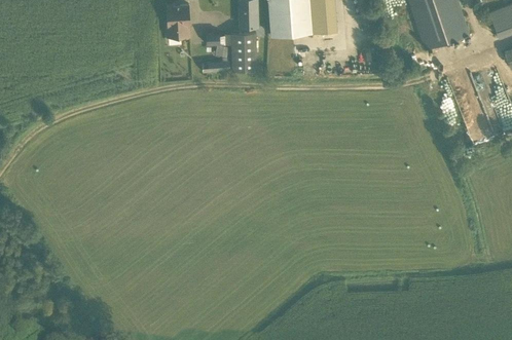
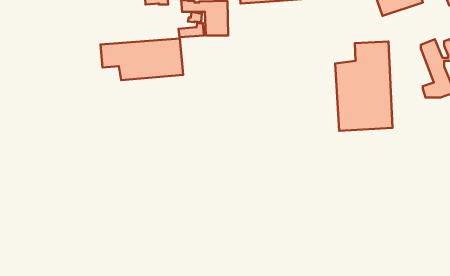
building: none -> [101,39,183,80]
building: none -> [335,41,393,131]

